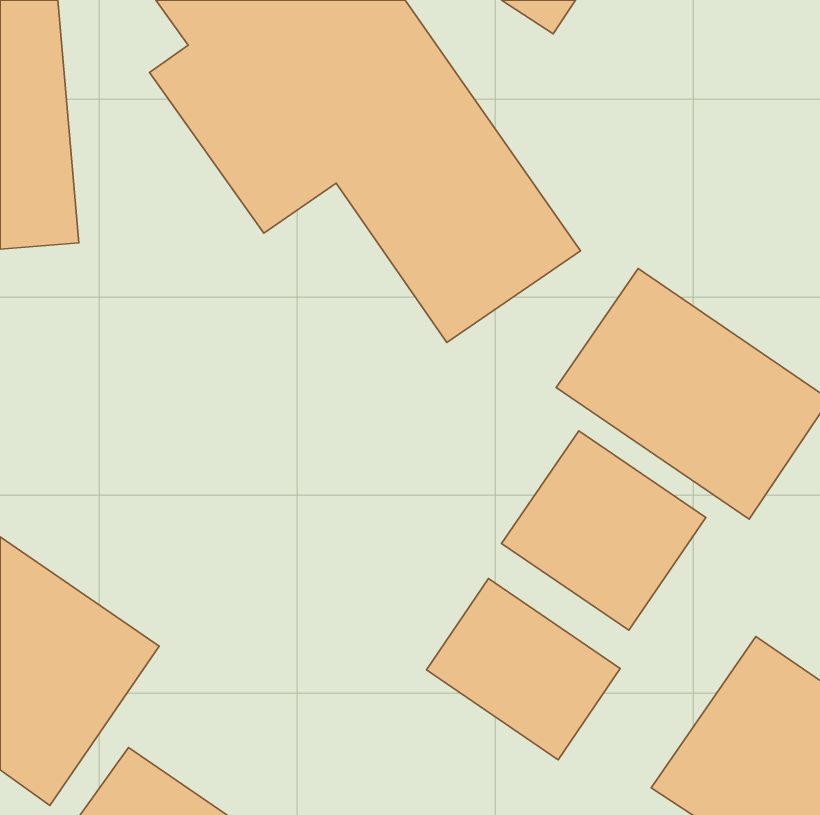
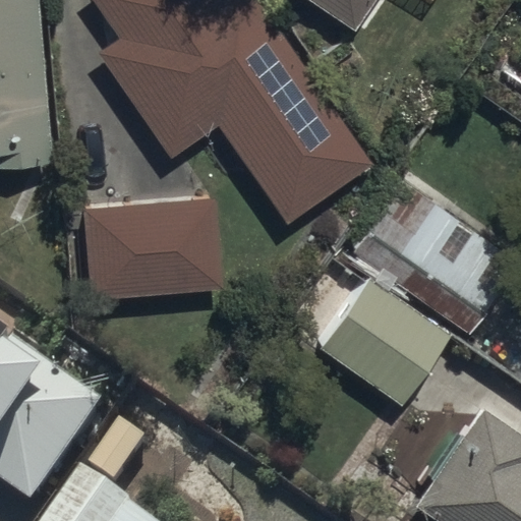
building: none -> [79,198,220,304]
building: [426,579,620,760] -> none

